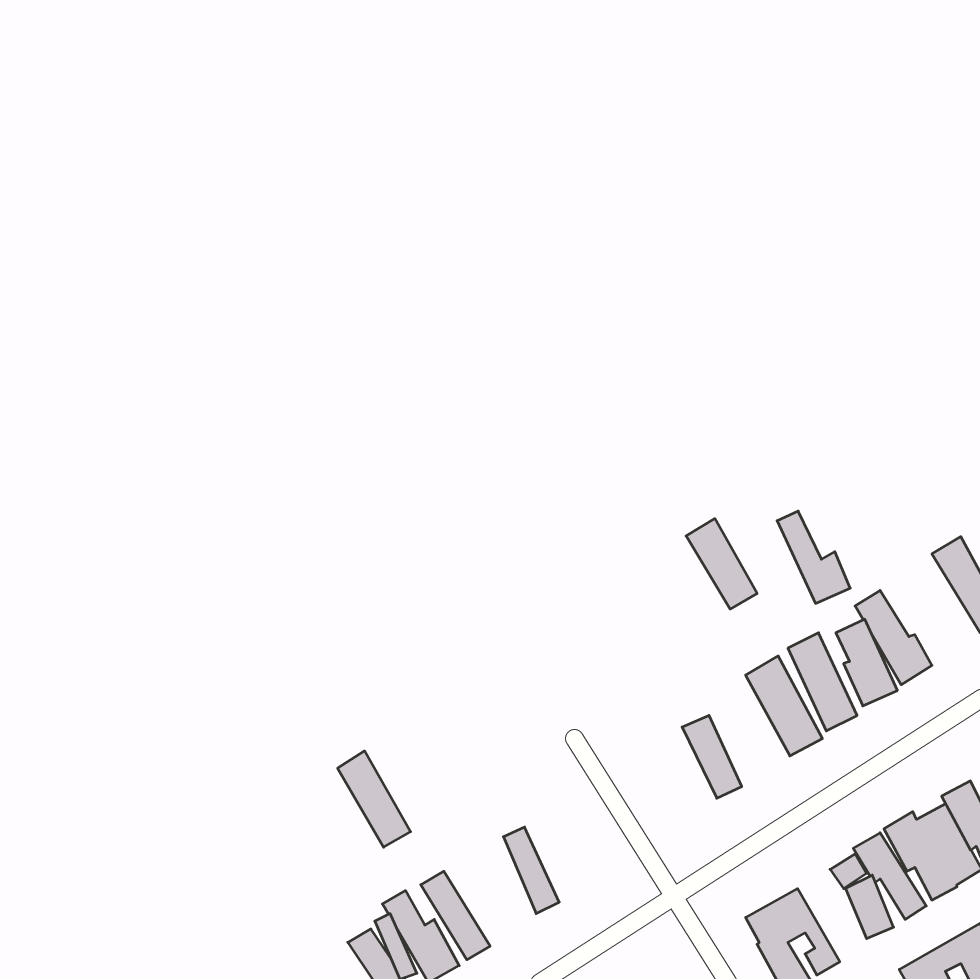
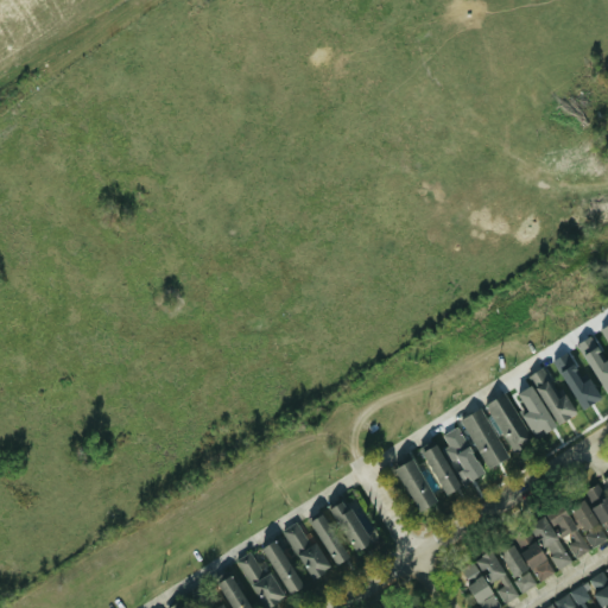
building: [777,511,850,603] -> [556,353,601,410]
building: [686,519,757,609] -> [441,428,484,483]
building: none -> [394,458,437,512]
building: [338,751,411,847] -> [284,520,329,580]
building: none -> [329,500,372,552]
building: none -> [500,544,538,593]

